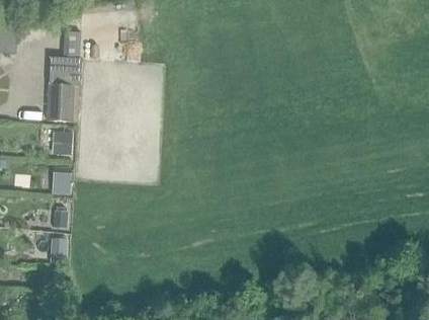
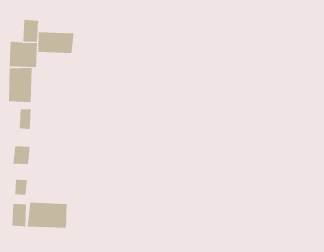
building: none -> [38,31,74,54]
building: none -> [27,202,67,229]

